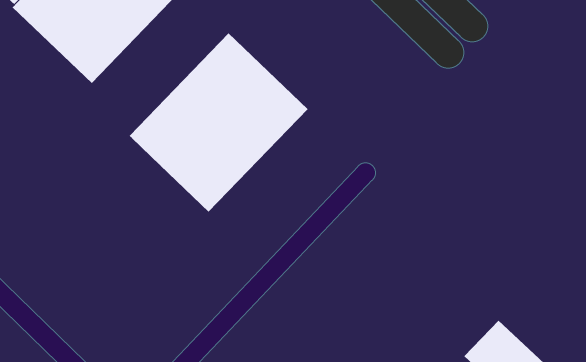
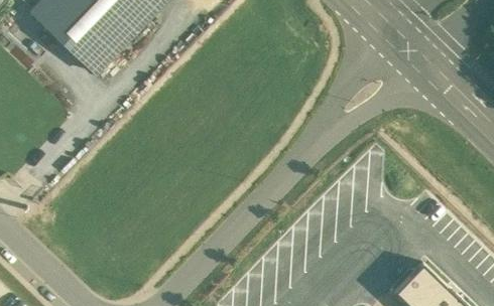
building: [129,32,308,213] -> none

